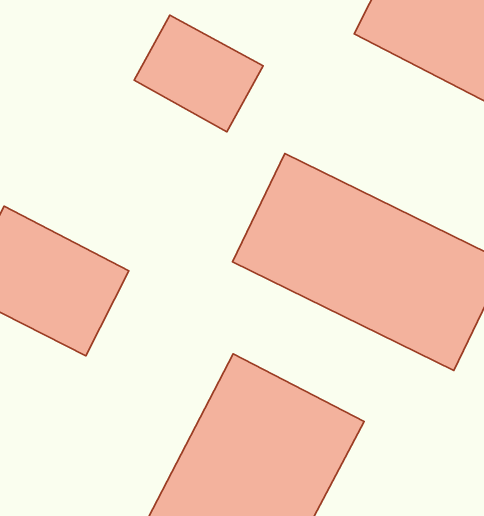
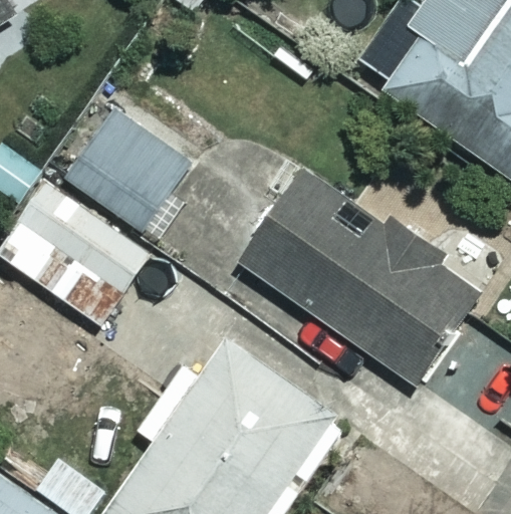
building: [134,15,263,132] -> none
building: none -> [58,100,191,230]

